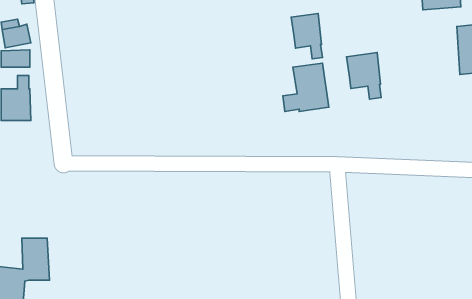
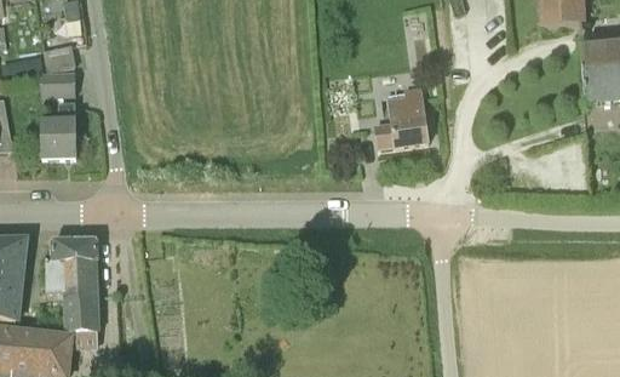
building: [291,13,322,59] -> none
building: [347,53,381,99] -> none
building: none -> [47,239,97,296]

